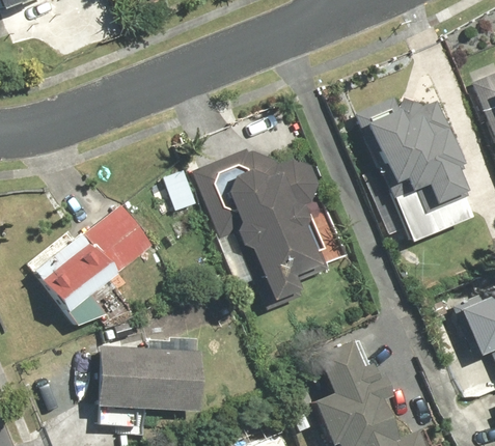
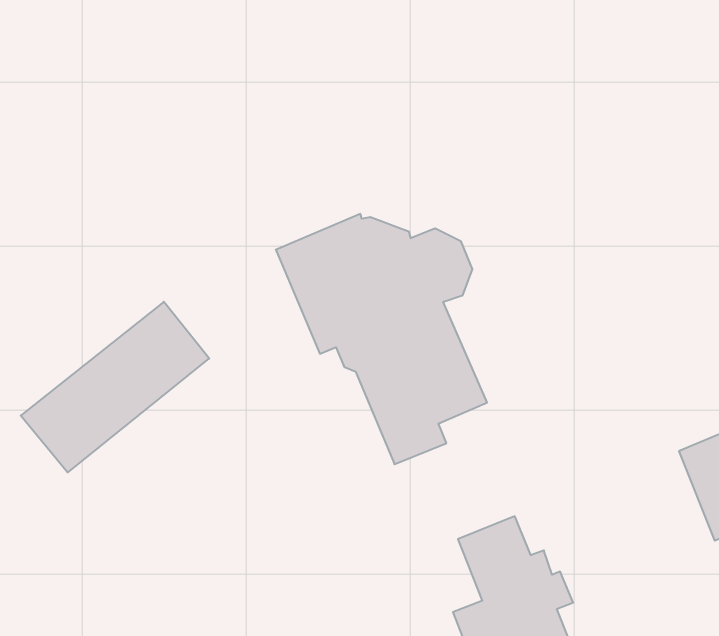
building: [360,96,465,212] -> none
building: [98,345,205,411] -> none

